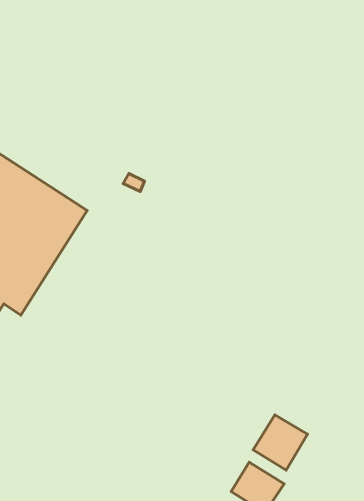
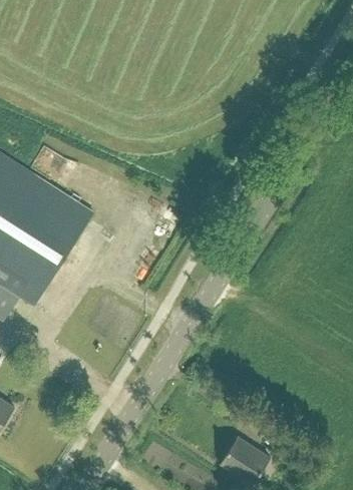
building: [253,415,307,470] -> none

